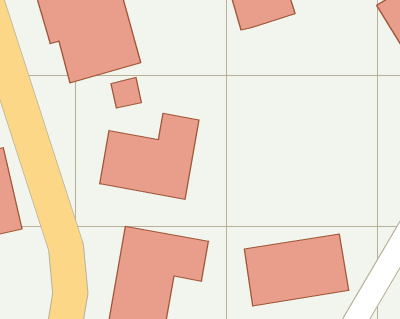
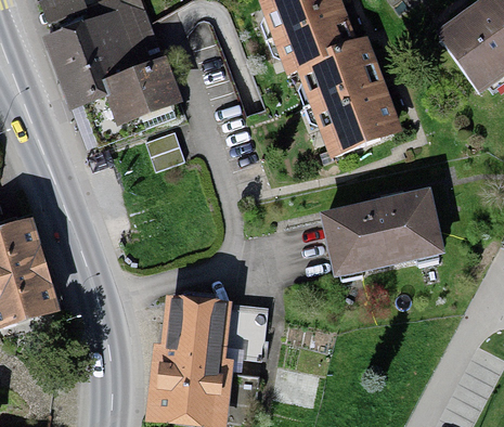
building: none -> [303,44,397,153]
building: [100,113,199,199] -> none
building: [244,234,349,306] -> [321,189,442,275]

